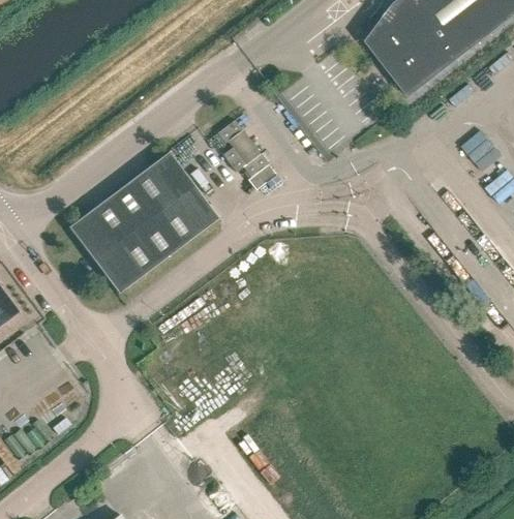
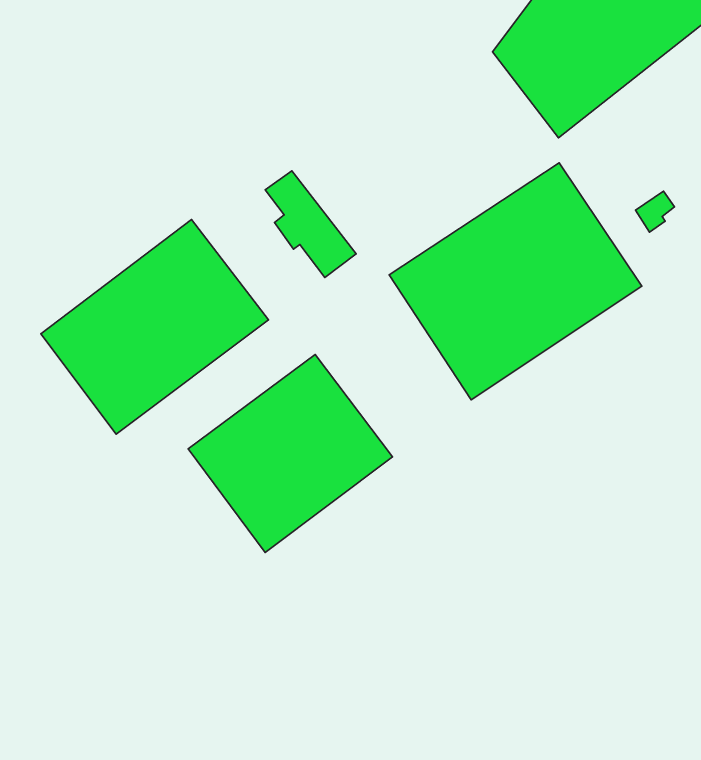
building: none -> [389,163,642,400]
building: none -> [188,354,393,553]

